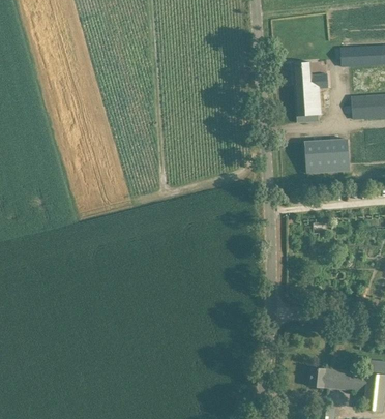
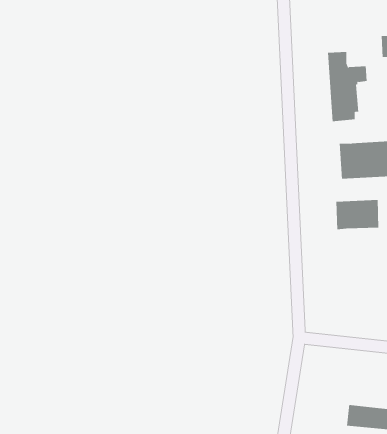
building: none -> [336,199,379,230]

